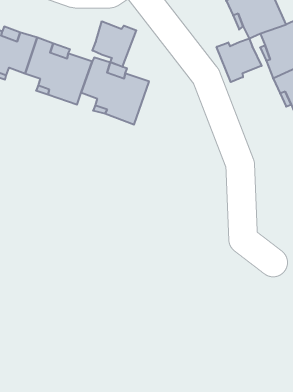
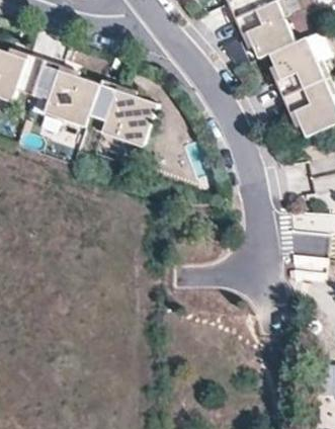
building: [92,21,136,67] -> none
building: [217,39,262,82] -> none

